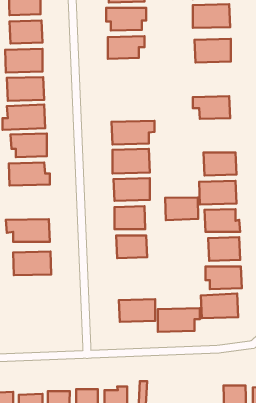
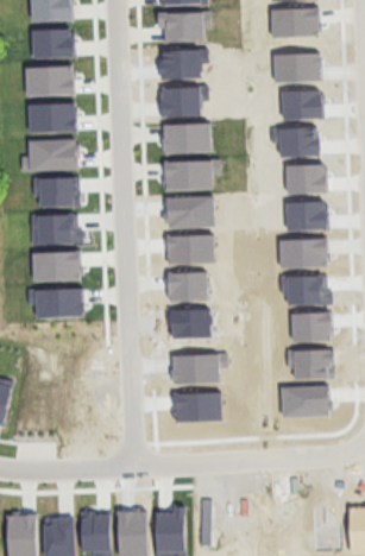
building: none -> [159,86,208,116]
building: none -> [281,90,322,120]
building: none -> [162,122,212,153]
building: none -> [284,164,326,194]
building: [165,198,198,220] -> none
building: [13,252,51,275] -> [31,251,81,282]
building: [158,308,200,332] -> [171,353,226,384]

